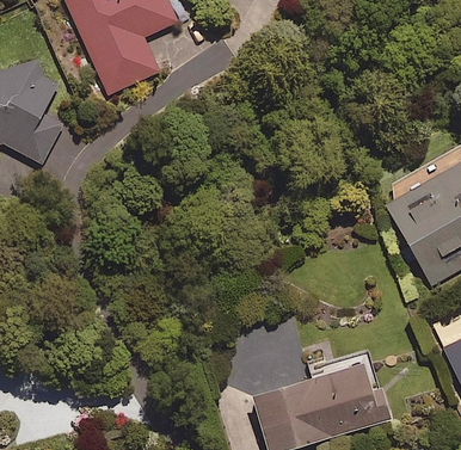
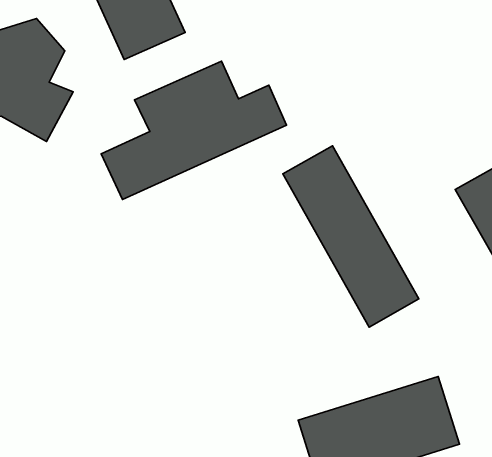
building: none -> [101,61,287,199]
building: none -> [283,146,419,327]

